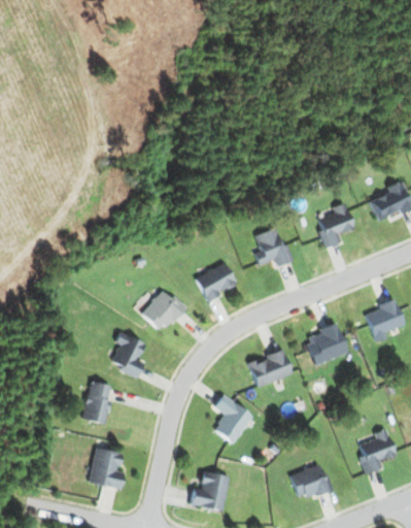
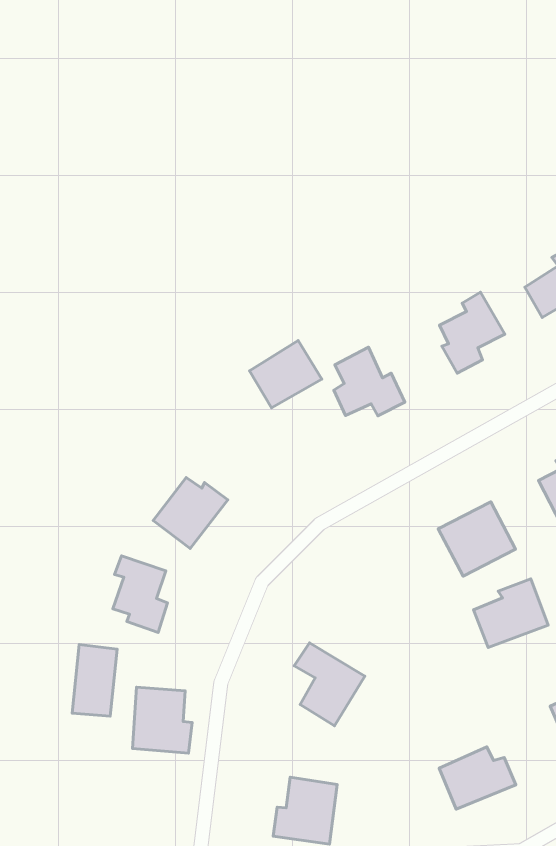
building: [196,263,237,300] -> [250,341,322,408]
building: [249,349,292,386] -> [473,579,548,648]
building: [89,448,125,489] -> [133,687,192,753]

